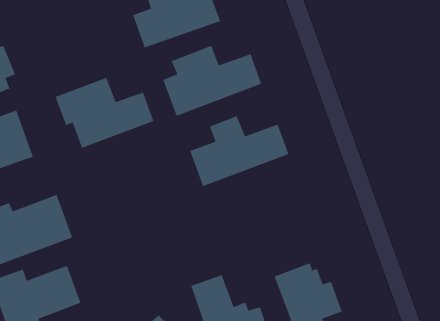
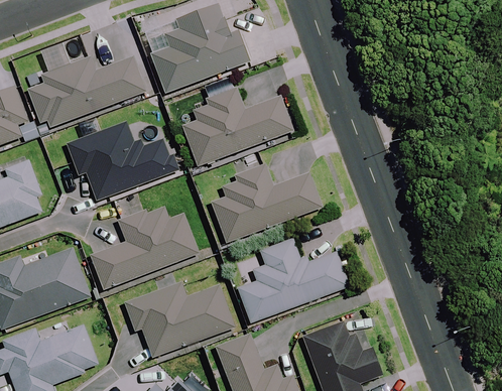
building: none -> [30,57,144,125]
building: none -> [92,207,198,288]
building: none -> [238,238,346,322]
building: none -> [126,283,233,357]

